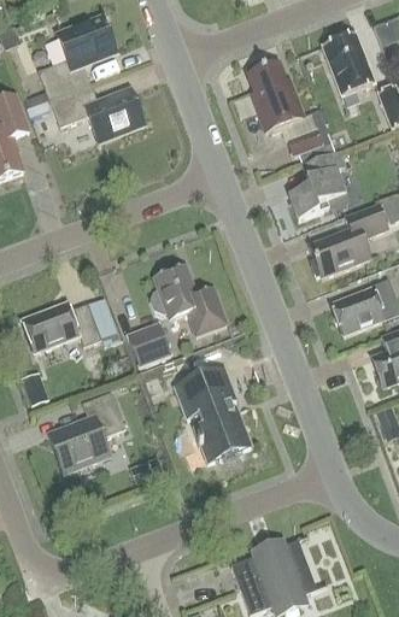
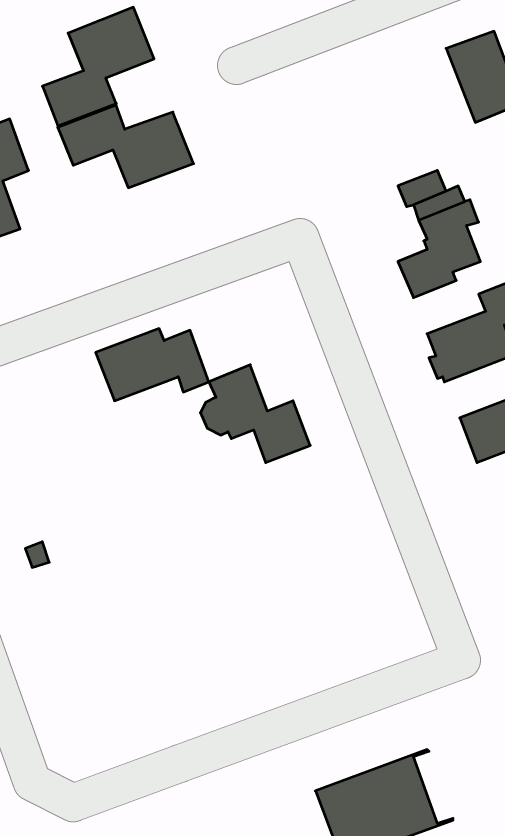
building: [247,61,305,131] -> none
building: [22,301,101,352] -> [96,329,209,401]
building: [125,329,172,370] -> none
building: [175,366,251,465] -> none
building: [48,392,125,472] -> none

